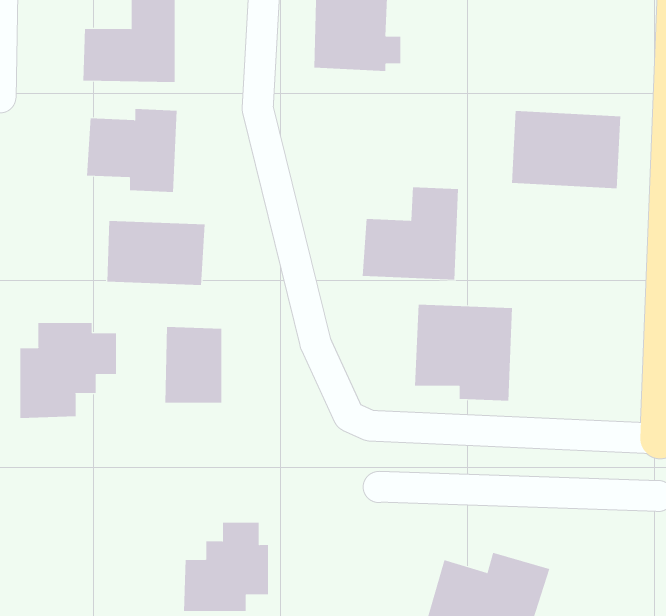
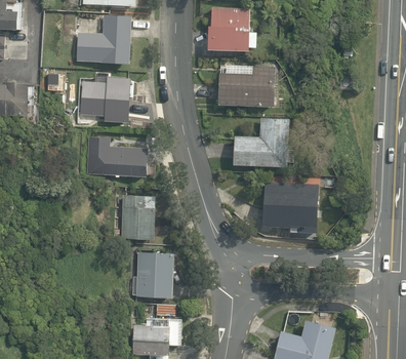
building: [511,111,621,189] -> [214,67,275,110]
building: [20,322,116,419] -> none
building: none -> [134,249,173,296]

